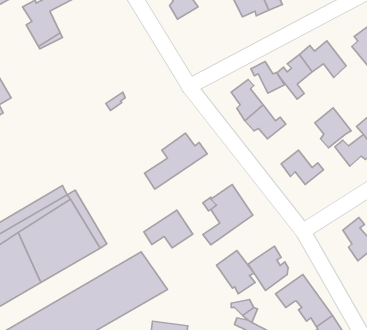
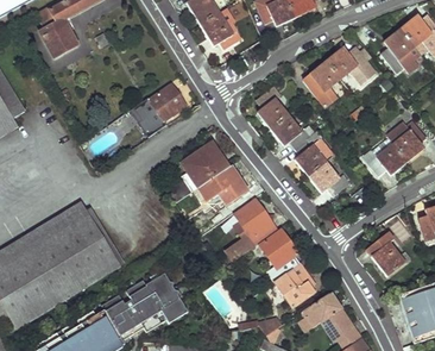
building: none -> [198,12,246,49]
building: [251,61,284,93] -> none
building: none -> [149,83,187,125]
building: [315,108,351,148] -> [292,134,330,176]
building: [144,210,193,248] -> [197,165,248,205]
building: [216,250,255,294] -> [259,228,300,274]

